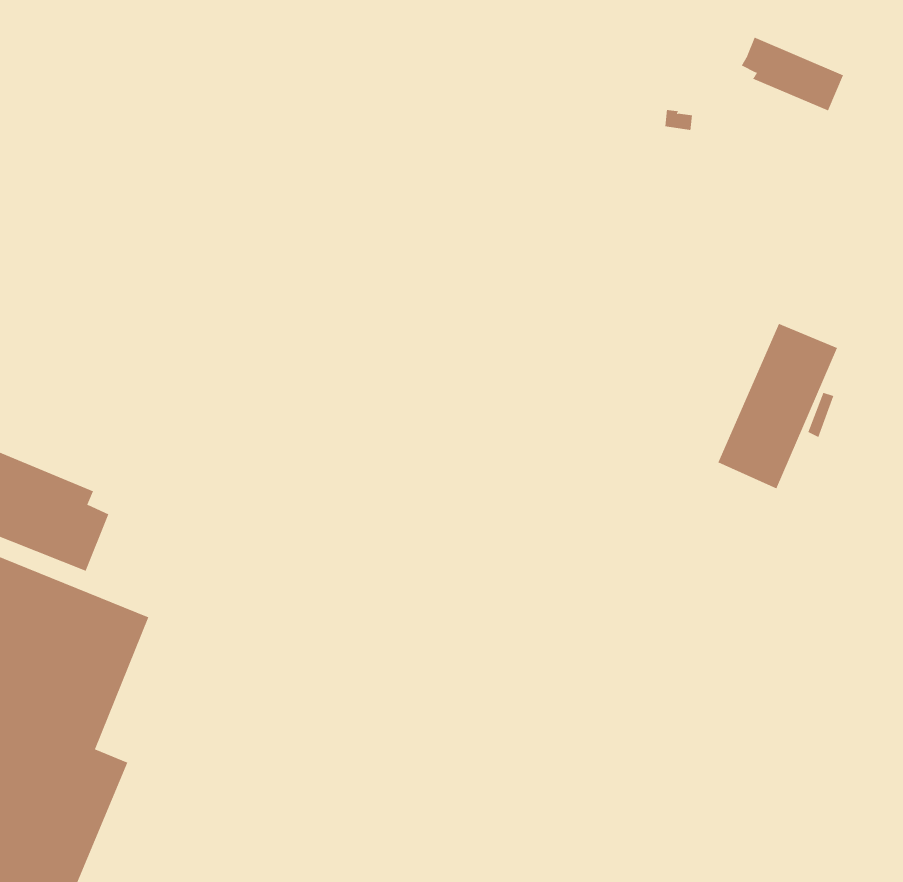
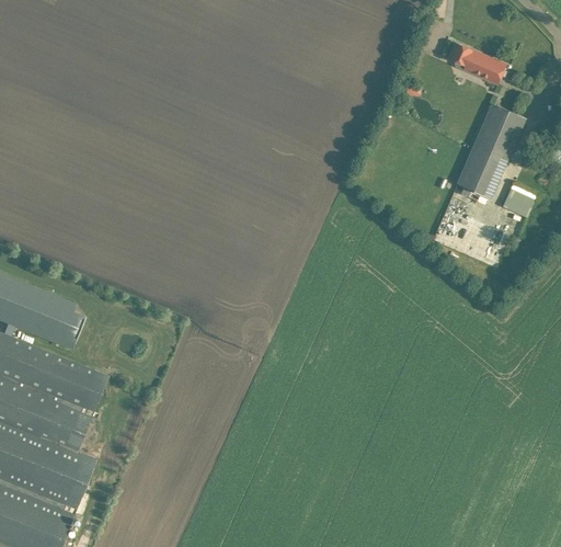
building: none -> [501,183,534,217]
building: [718,323,838,489] -> [456,104,525,200]

